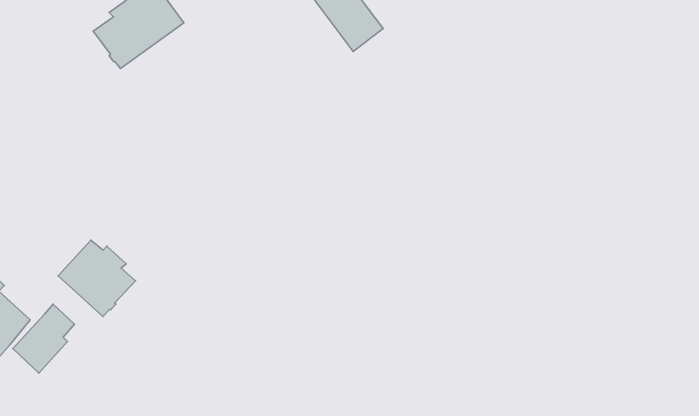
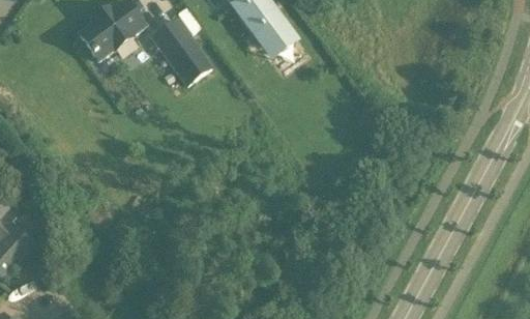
building: none -> [151,19,209,84]
building: [58,240,136,317] -> none

